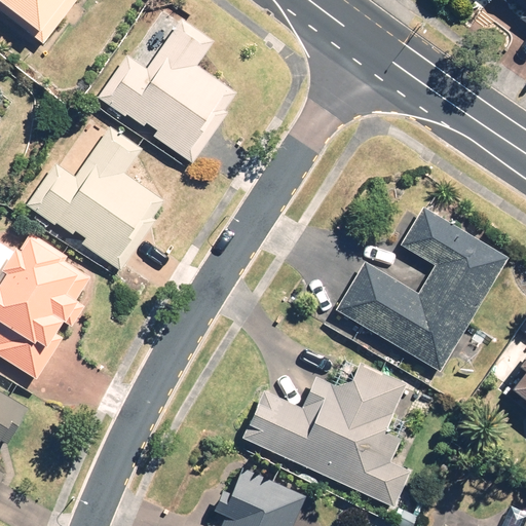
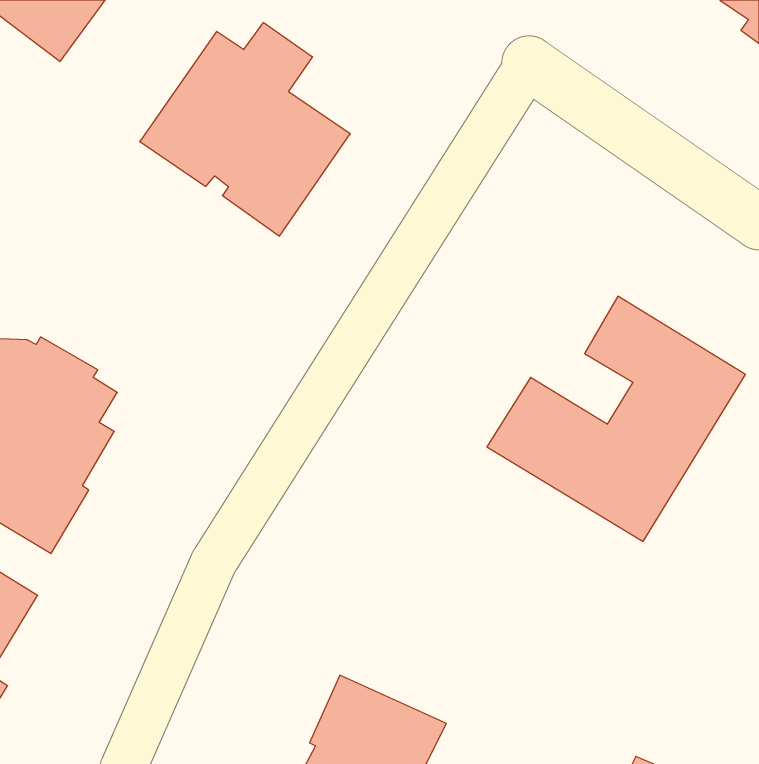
building: [27,124,163,272] -> none
building: [242,359,409,508] -> none

